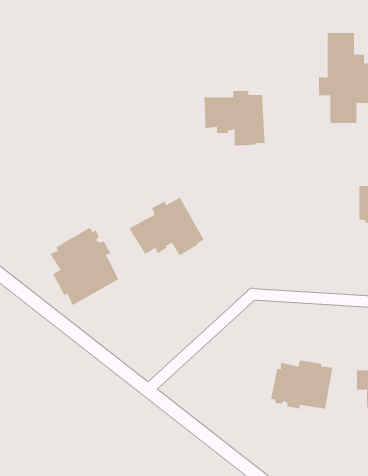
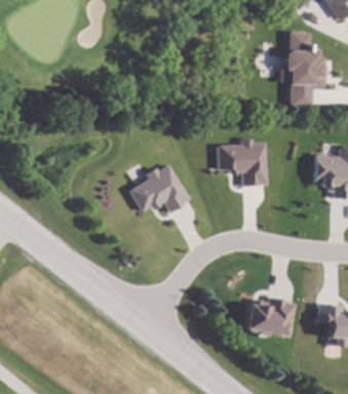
building: [204,91,265,146] -> [217,140,267,185]
building: [50,227,119,306] -> none

